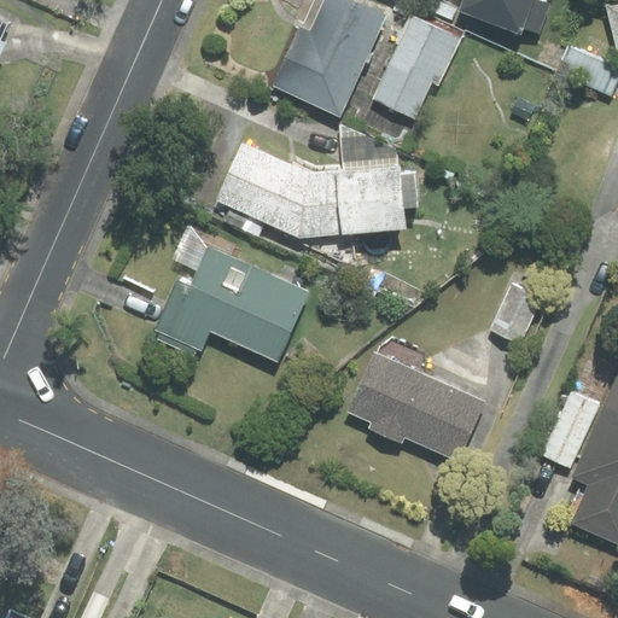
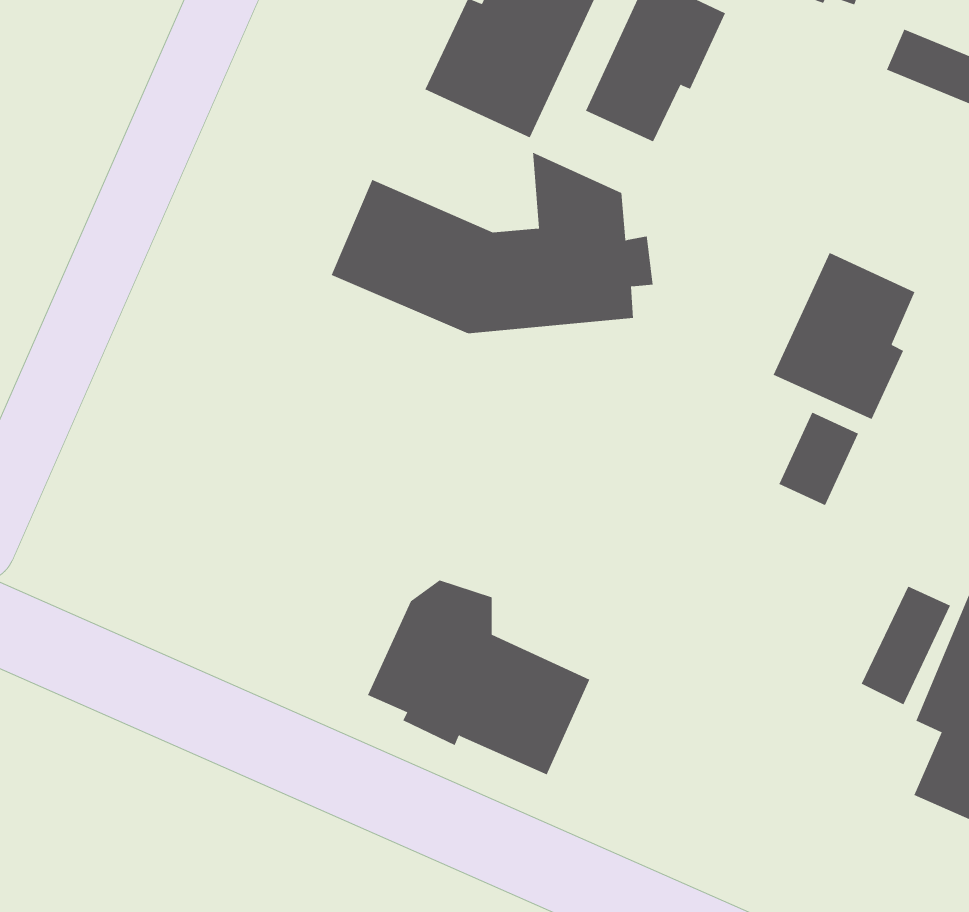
building: none -> [773,252,915,420]
building: [154,249,305,358] -> none
building: [348,340,485,461] -> [367,580,590,775]

